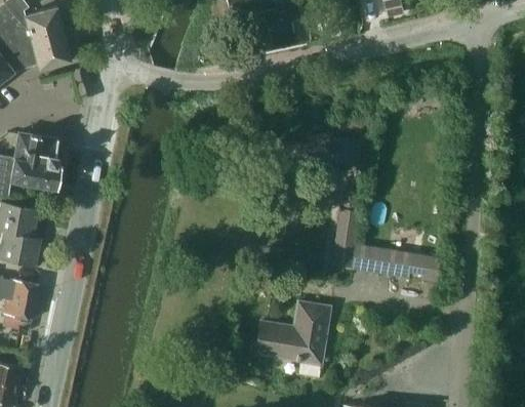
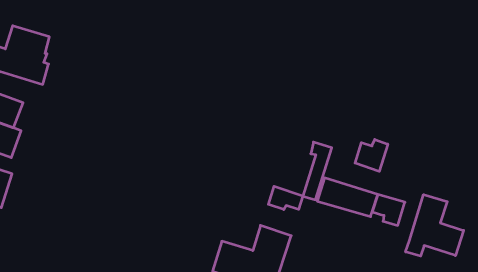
building: none -> [355,139,388,171]
building: none -> [406,195,464,256]
building: none -> [268,186,303,210]

